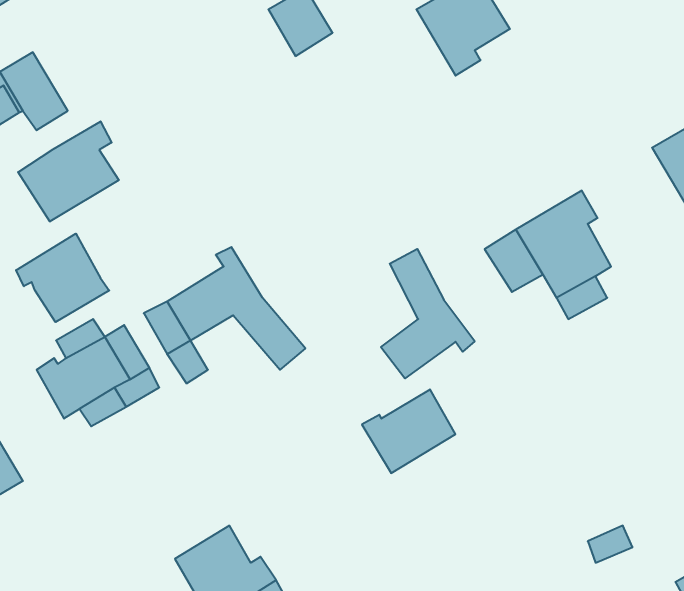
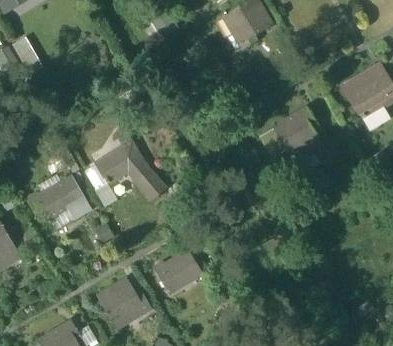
building: [18,121,119,222] -> none
building: [16,234,109,322] -> none
building: [381,249,475,378] -> none
building: [362,389,455,473] -> [154,250,202,293]

